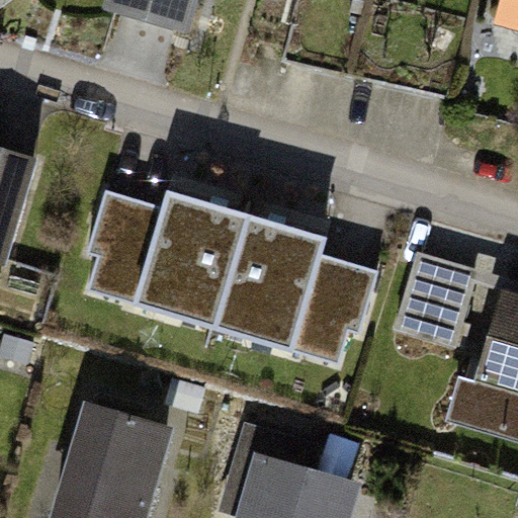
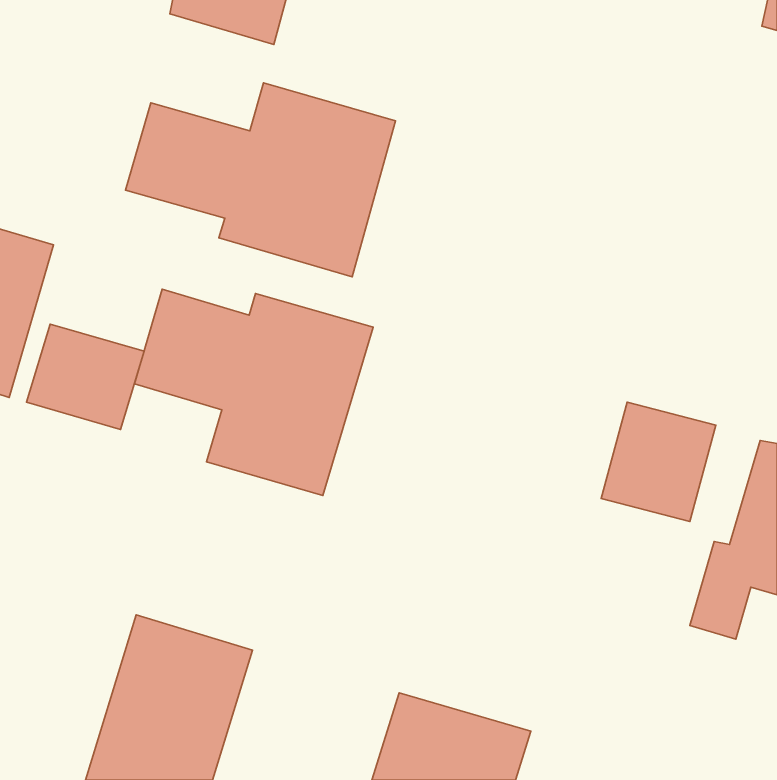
building: none -> [125,83,395,277]
building: none -> [27,324,144,429]
building: [213,217,378,351] -> none

